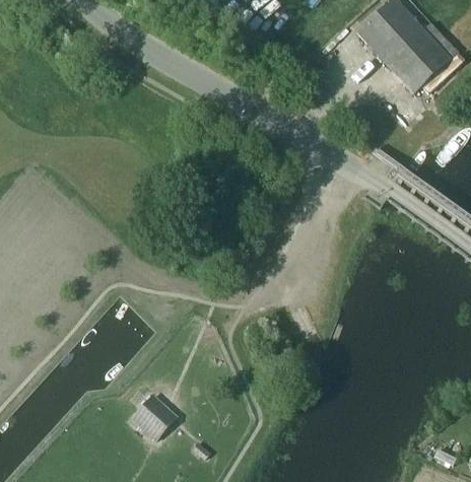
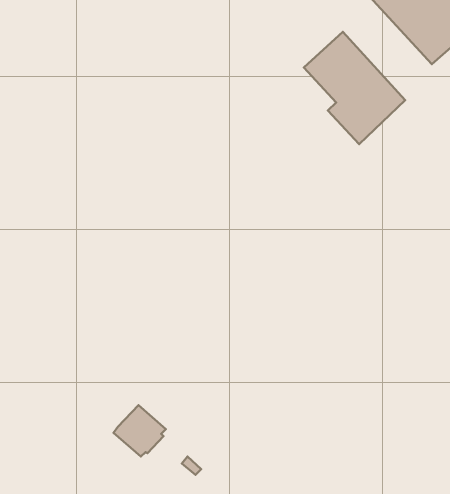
building: none -> [304,32,405,144]

